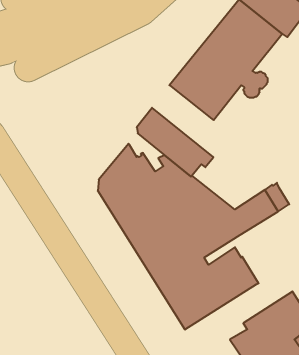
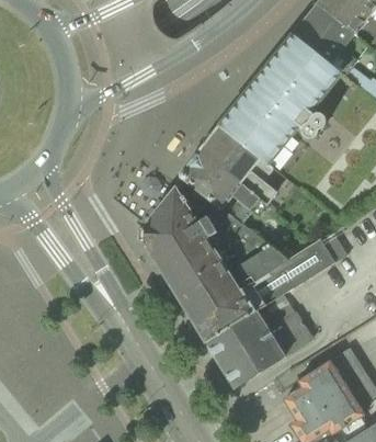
building: none -> [201,127,276,204]

